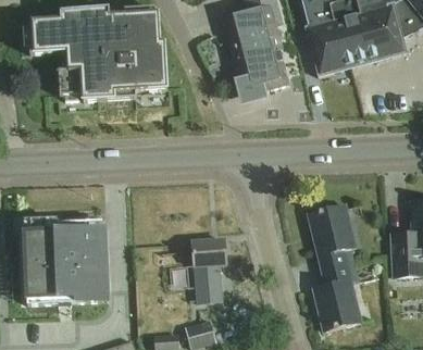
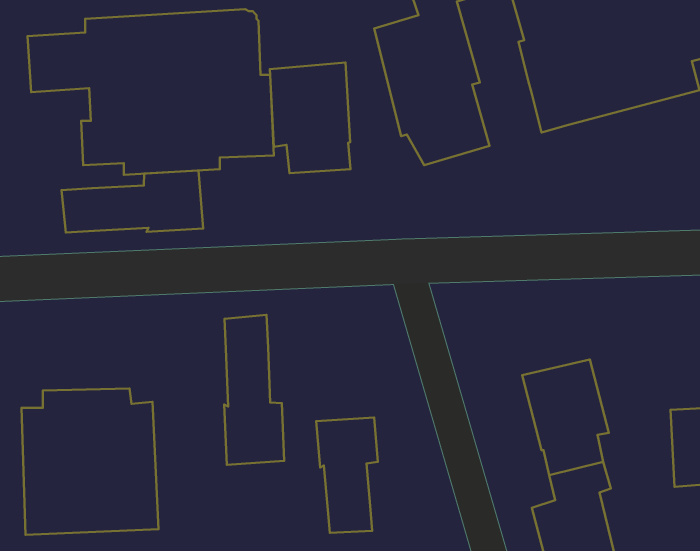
building: none -> [270,63,350,173]
building: none -> [61,170,203,233]
building: none -> [224,315,284,465]

